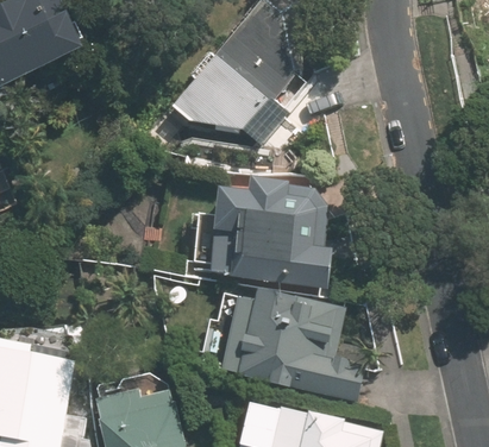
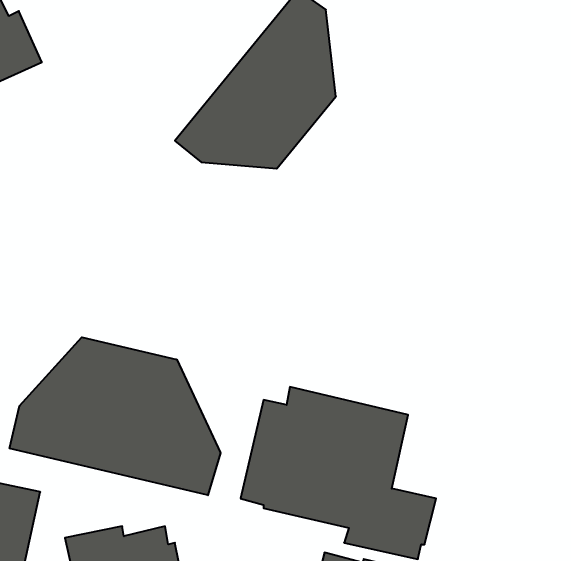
building: [213,176,332,284] -> none
building: none -> [10,337,220,495]

